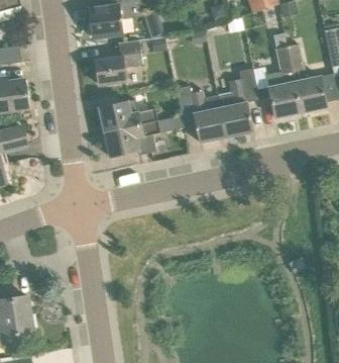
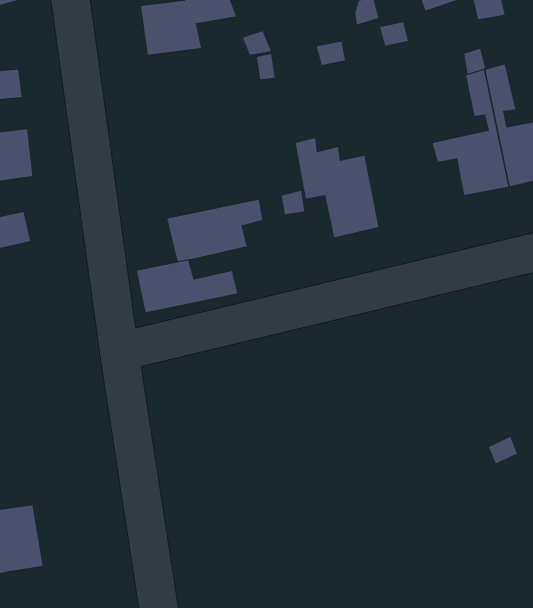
building: [96,39,142,85] -> none
building: [218,69,259,137] -> none
building: [99,101,157,131] -> [136,260,238,313]

